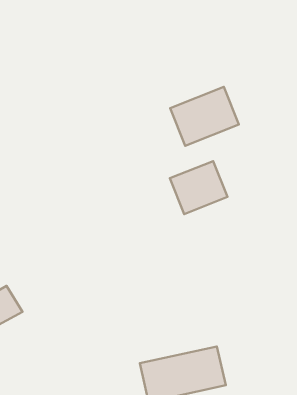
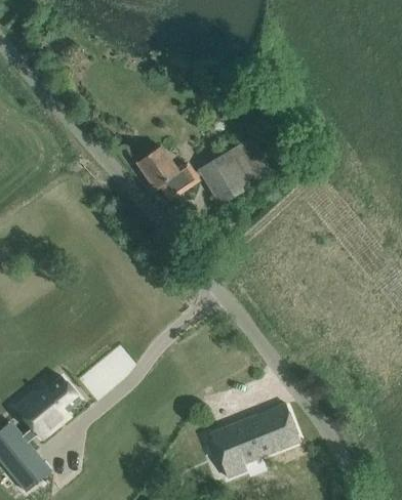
building: none -> [135,147,197,200]
building: [170,161,227,214] -> none

